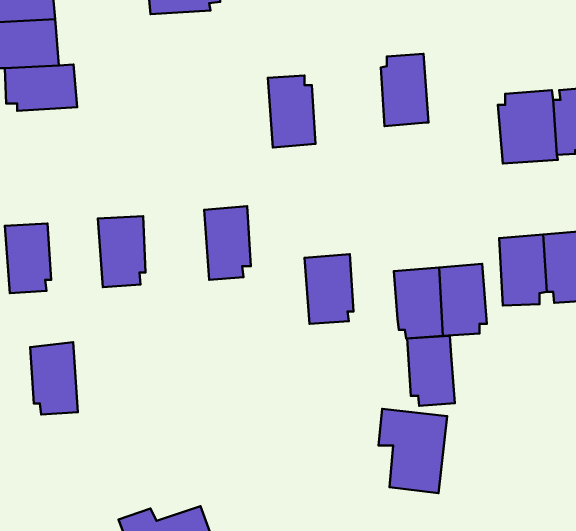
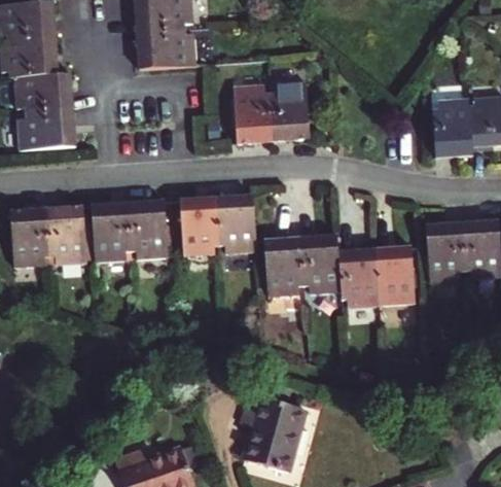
building: none -> [135,31,196,69]
building: [381,54,428,126] -> [271,82,311,143]
building: none -> [15,112,75,155]
building: none -> [216,193,258,255]
building: none -> [129,201,168,260]
building: [407,336,455,406] -> [302,234,343,292]
building: [30,342,78,414] -> [48,206,88,267]
building: [379,409,447,493] -> [232,391,290,462]

